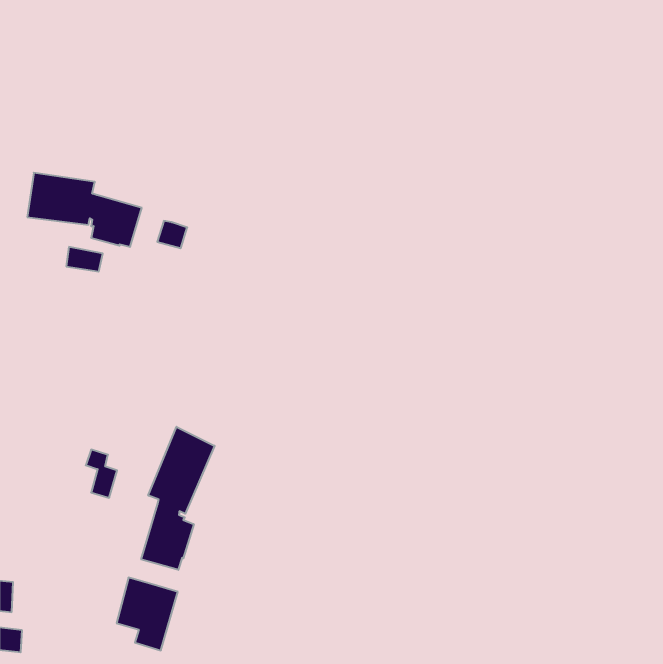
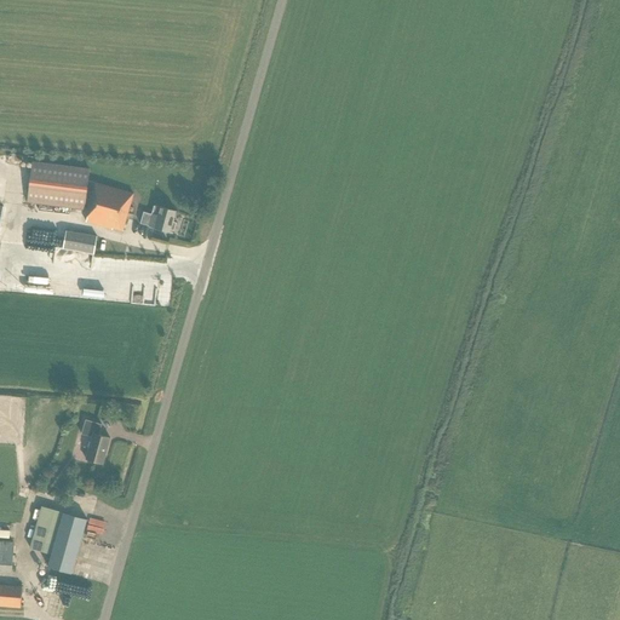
building: [141,427,215,570] -> none
building: [117,578,178,650] -> [29,506,86,574]

